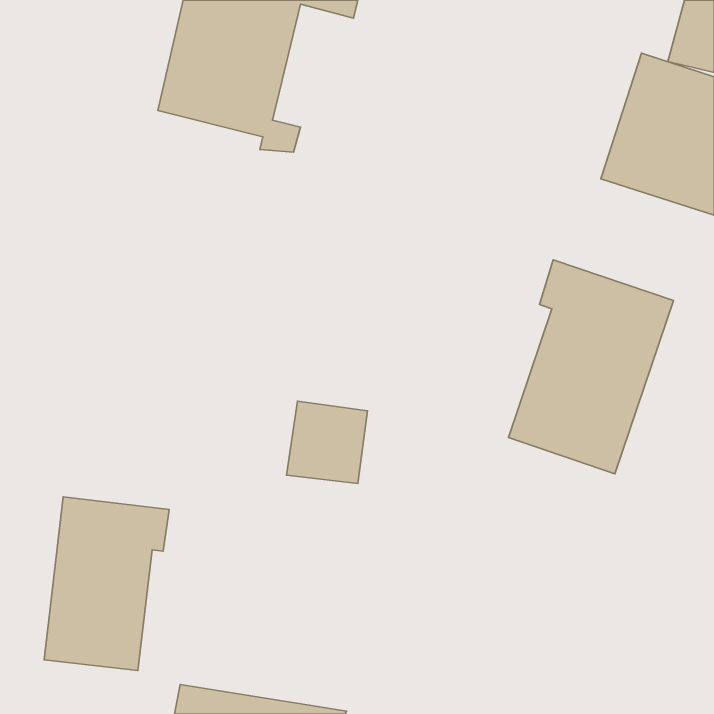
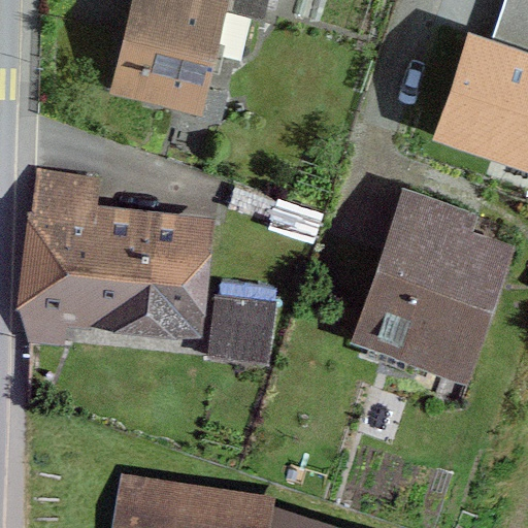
building: none -> [23,172,197,336]
building: [44,497,169,670] -> none

